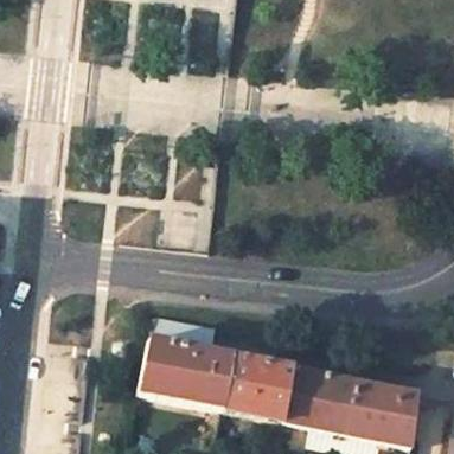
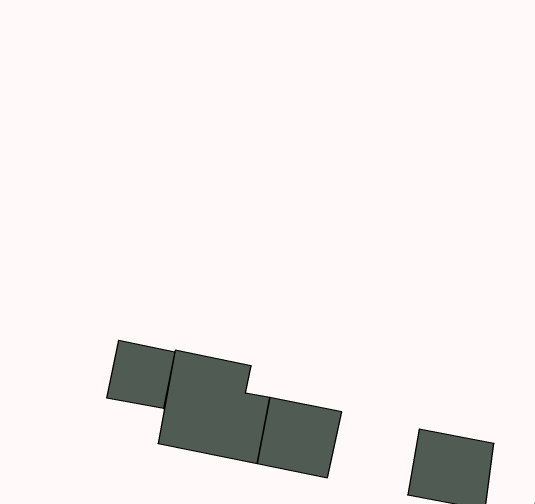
building: none -> [107,340,175,409]
building: [282,365,358,434] -> none

